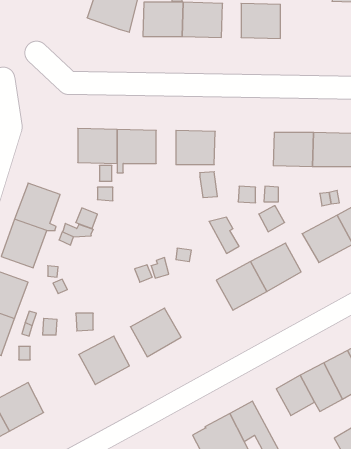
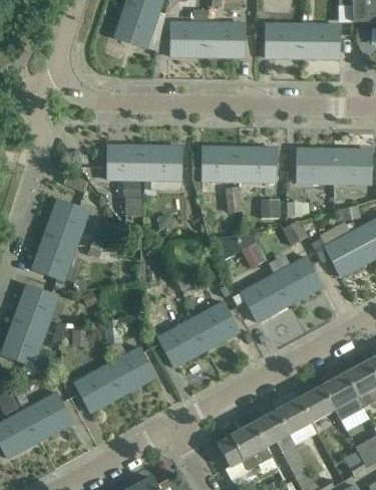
building: none -> [303,24,341,57]
building: none -> [239,148,278,181]
building: none -> [191,300,240,347]
building: none -> [74,364,123,412]
building: none -> [276,398,313,436]

